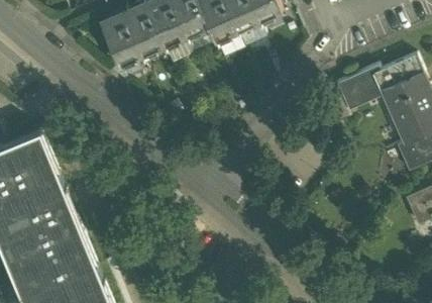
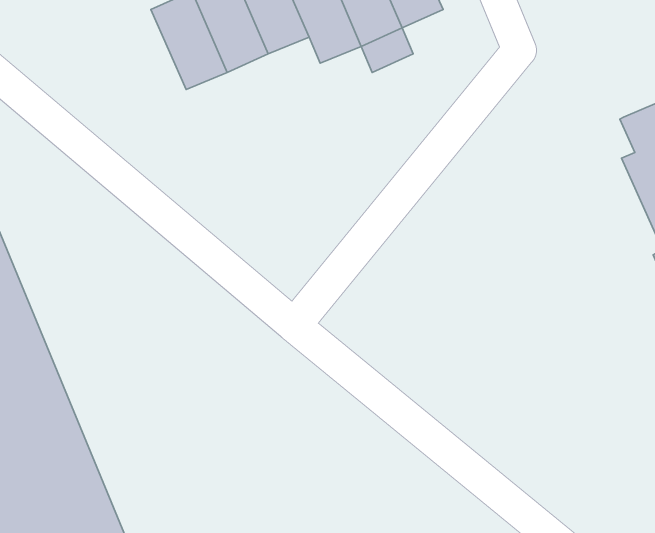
building: [100,11,142,65] -> none
building: [335,65,386,106] -> none

